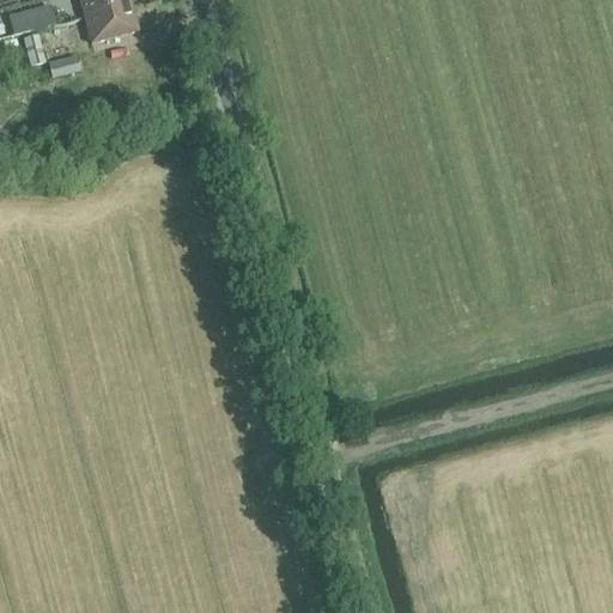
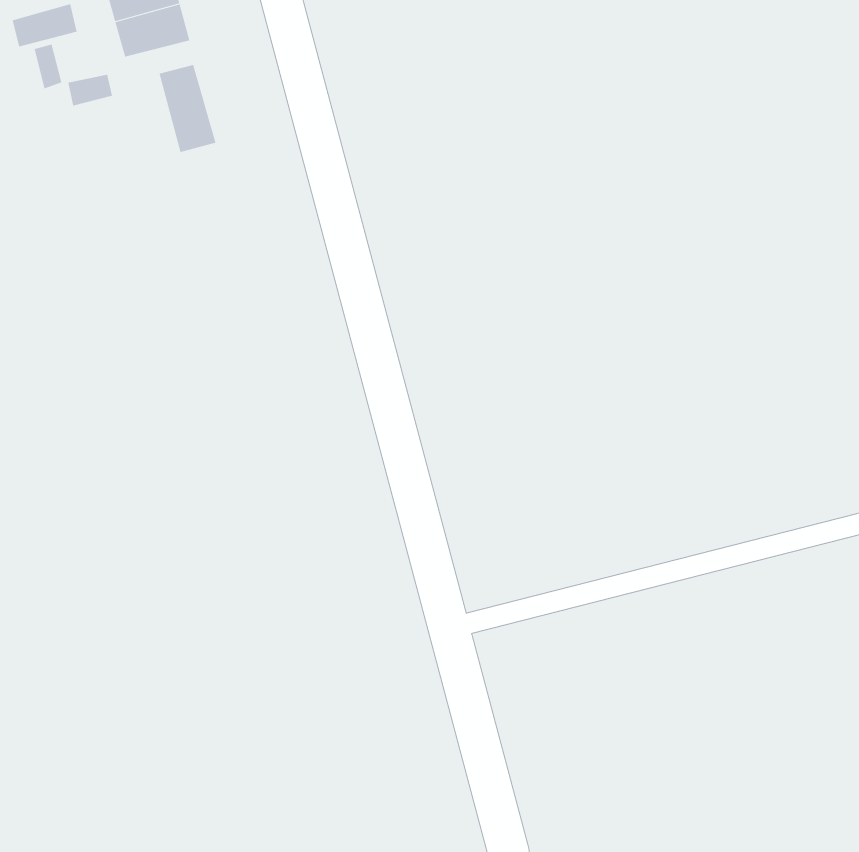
building: none -> [159,64,216,153]

